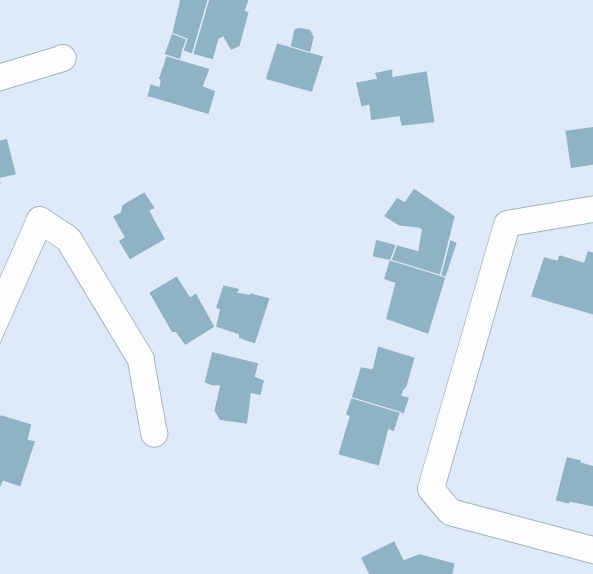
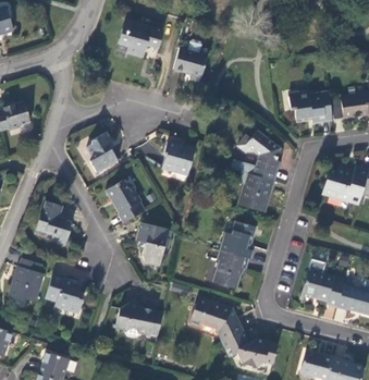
building: [147,56,216,115] -> none
building: [355,69,435,126] -> [288,90,334,123]
building: [215,285,271,344] -> [165,143,197,176]
building: none -> [34,201,69,243]
building: none -> [303,271,346,308]
building: none -> [45,277,81,311]
building: none -> [194,298,246,341]
building: none -> [116,302,163,335]

